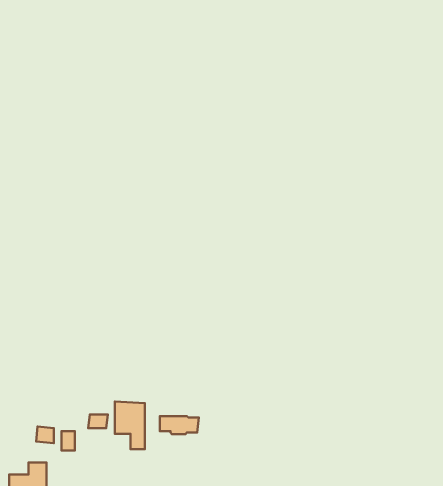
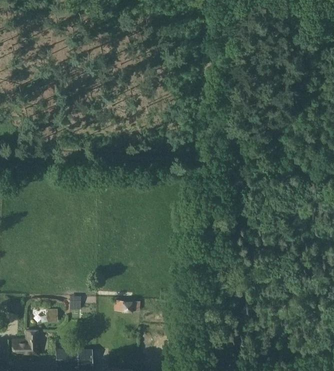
building: [115,401,145,449] -> none

